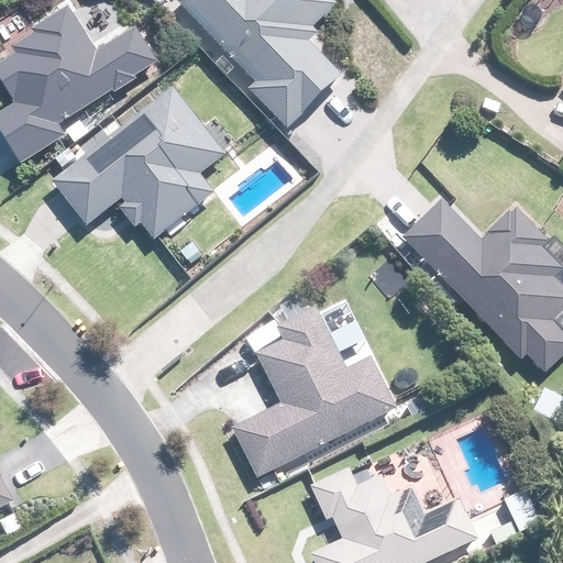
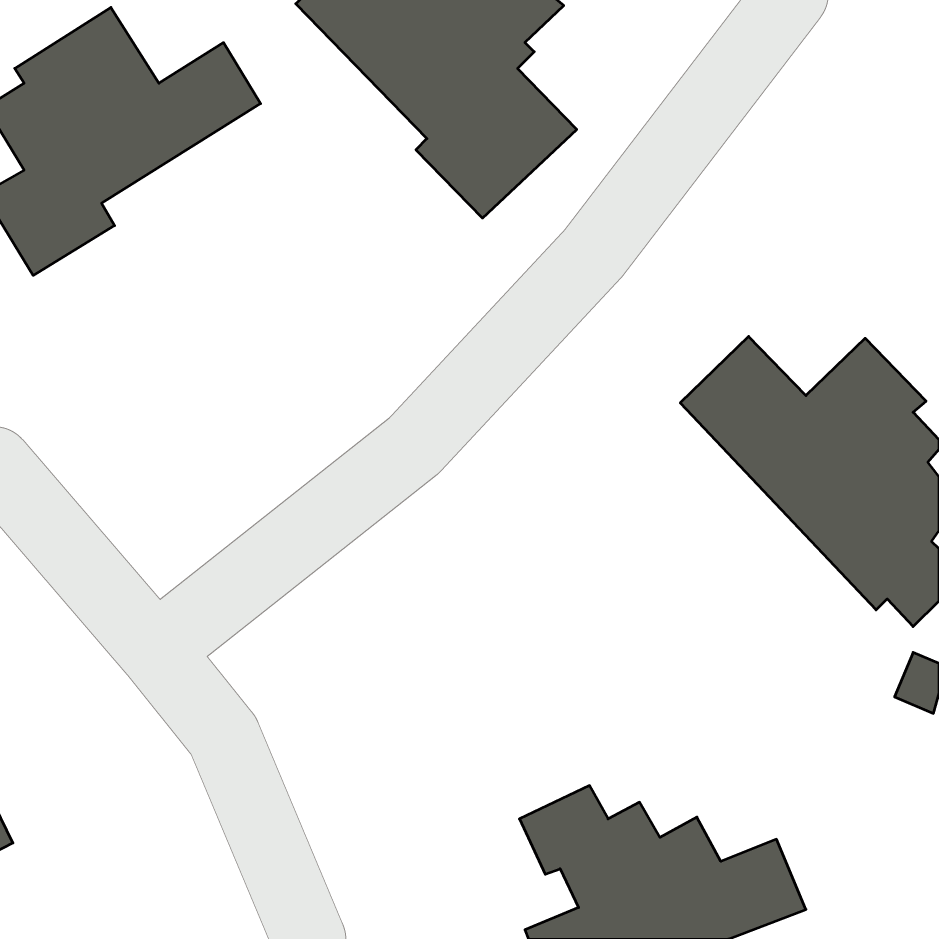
building: [53,85,225,234] -> none
building: [232,306,396,478] -> none

